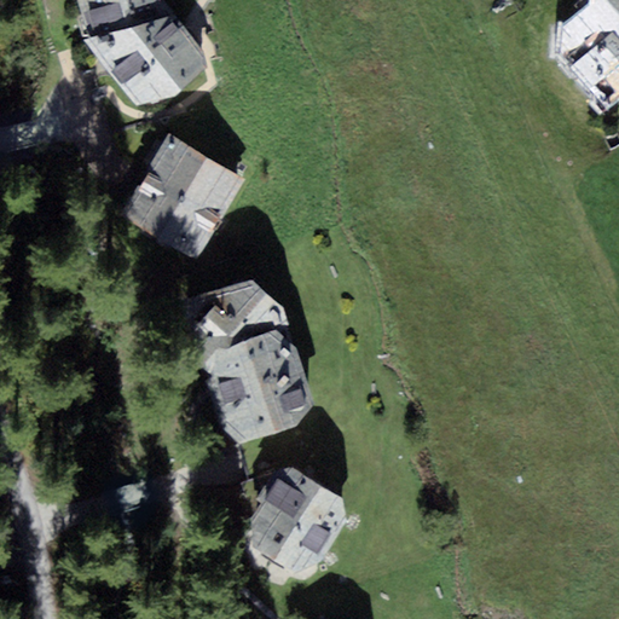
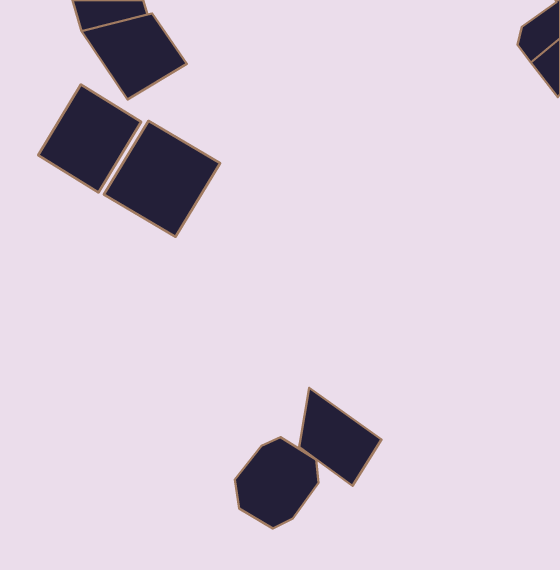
building: none -> [38,85,141,192]
building: [193,279,310,441] -> none
building: none -> [299,388,381,486]

